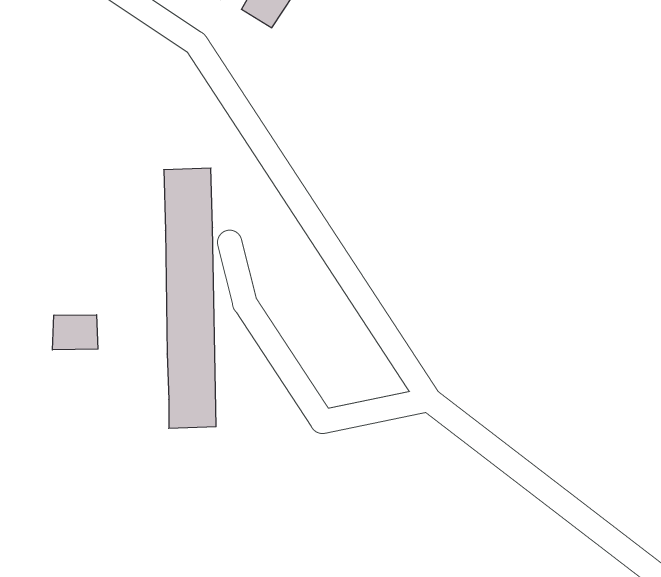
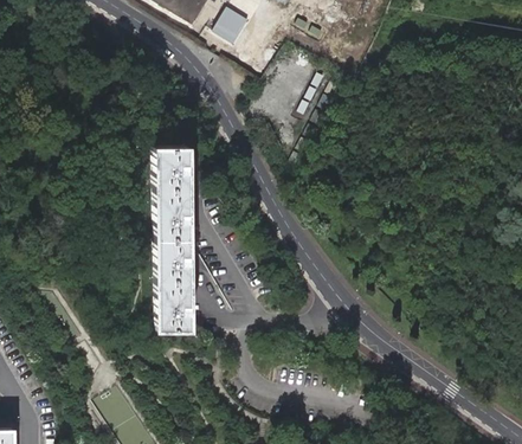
building: [52,315,98,350] -> none

